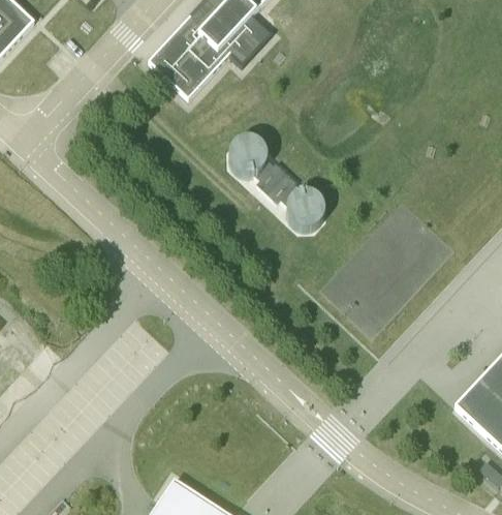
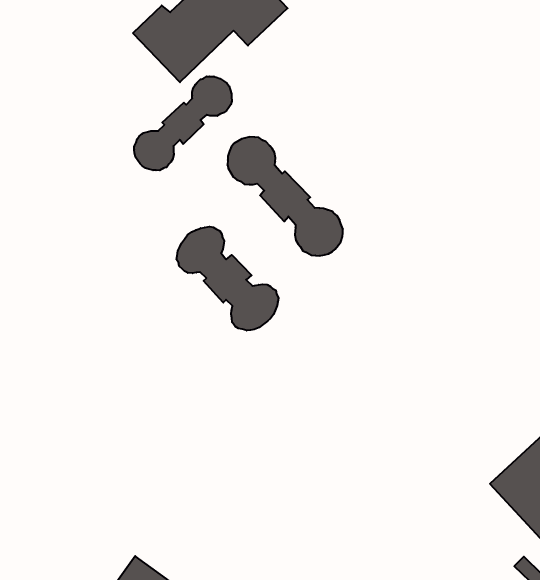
building: none -> [134,76,232,170]
building: none -> [177,227,278,331]

